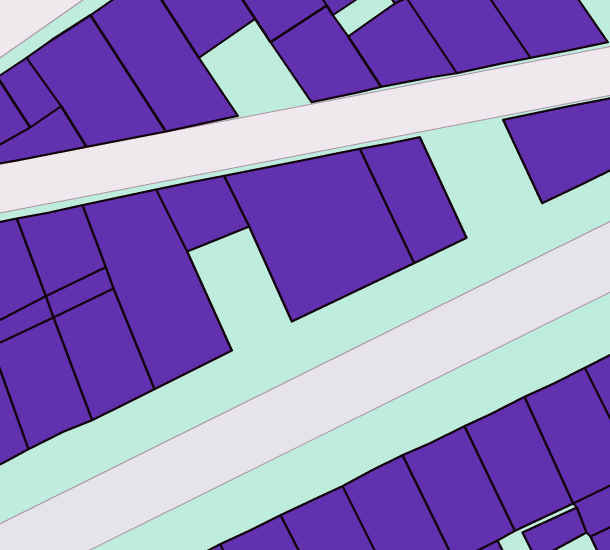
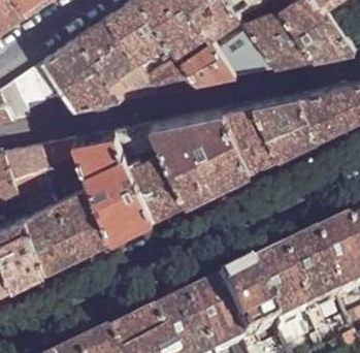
building: none -> [139,38,199,90]
building: none -> [257,92,322,155]
building: none -> [133,149,189,215]

